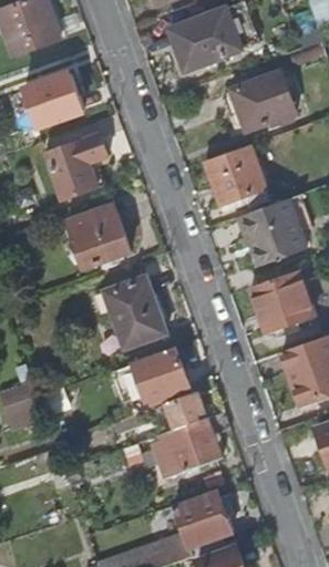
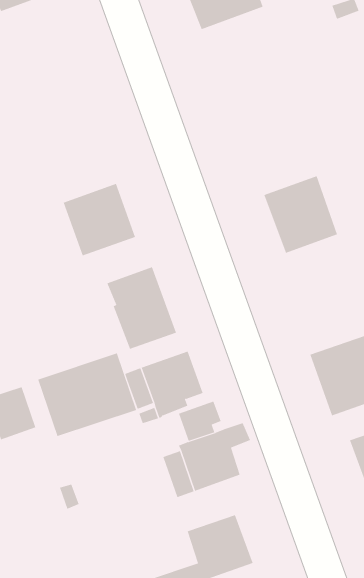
building: [229,71,295,131] -> none
building: [23,72,83,126] -> none
building: [45,133,107,199] -> none
building: [204,144,269,206] -> none
building: [250,269,315,333] -> none
building: none -> [37,352,137,437]

